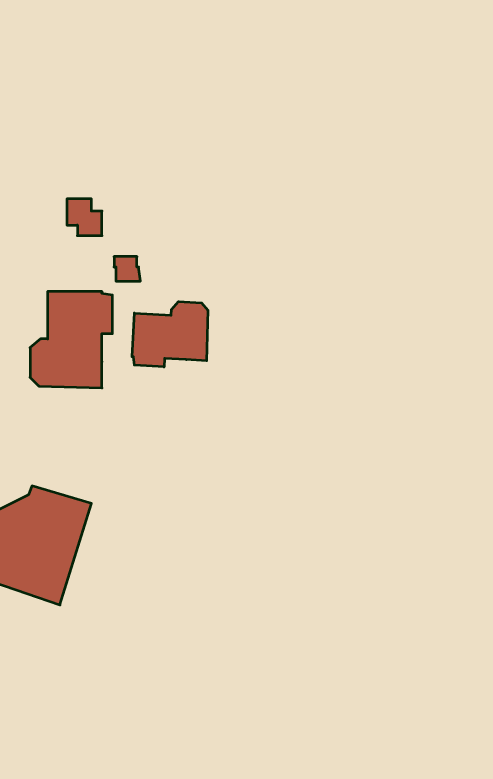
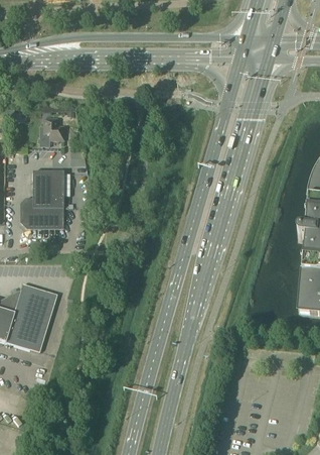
building: [132,302,208,367] -> none

